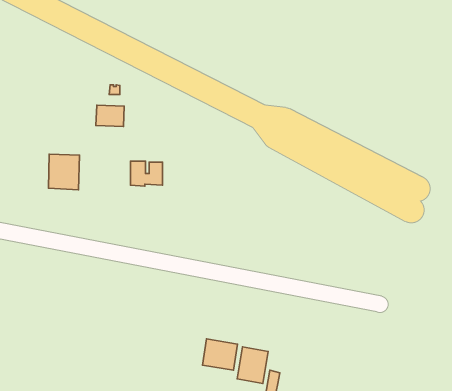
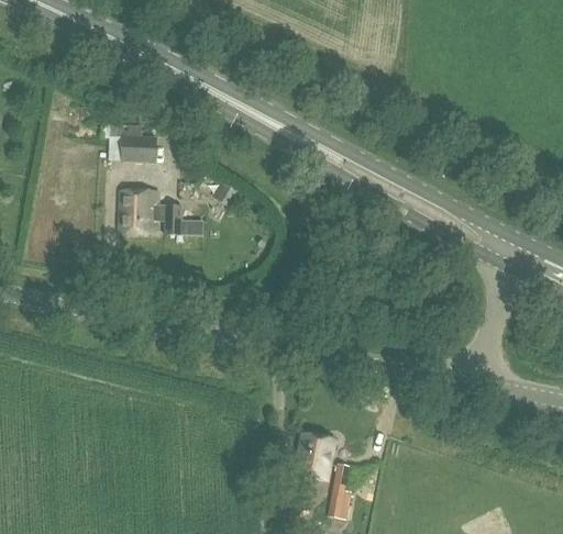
building: [48,154,80,190] -> [118,189,156,233]
building: [203,339,238,370] -> none

